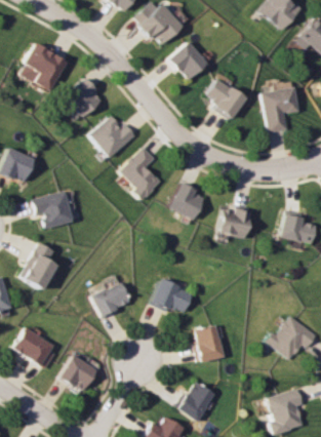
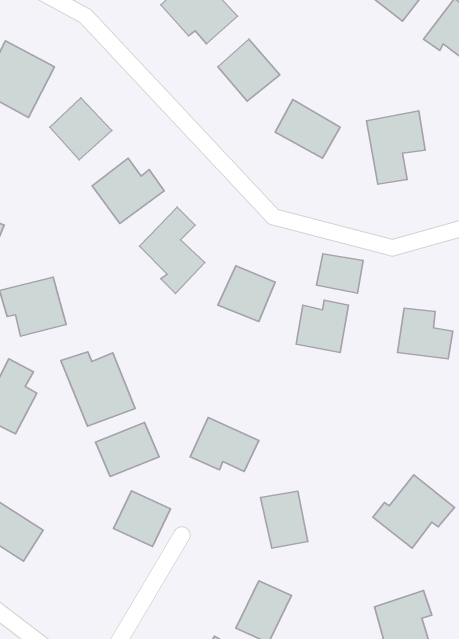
building: none -> [316,254,363,293]
building: none -> [61,352,135,426]
building: [62,356,97,391] -> [113,491,171,546]

